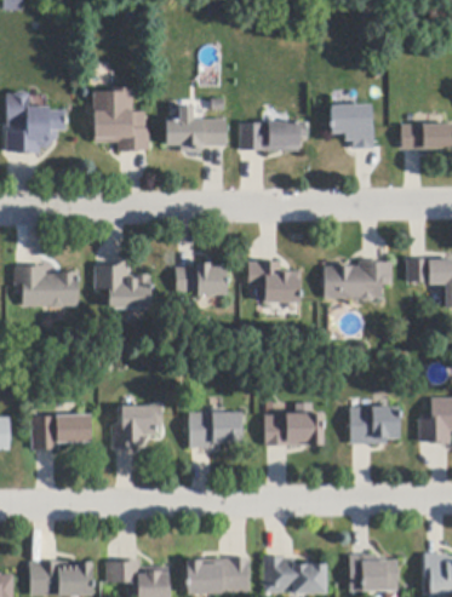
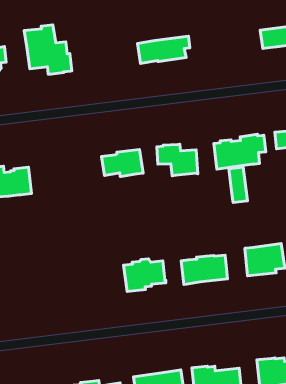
building: [331,104,374,148] -> none
building: [165,105,227,151] -> none
building: [95,263,151,308] -> none
building: none -> [229,167,248,202]
building: [114,403,162,447] -> none
building: [32,414,91,449] -> none

